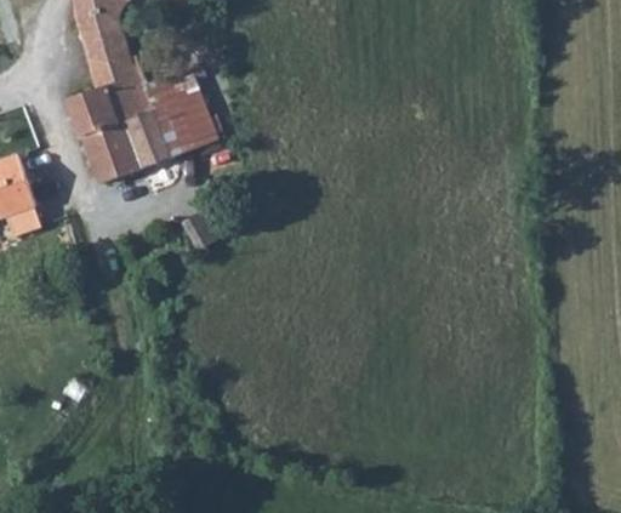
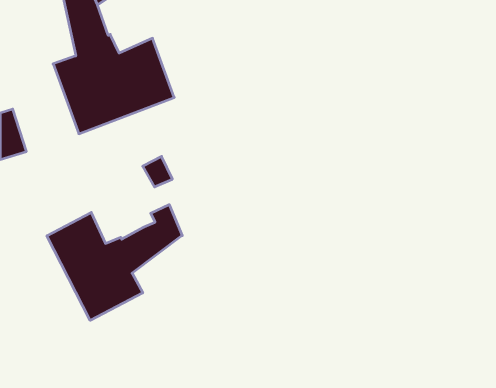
building: none -> [47,205,182,320]

